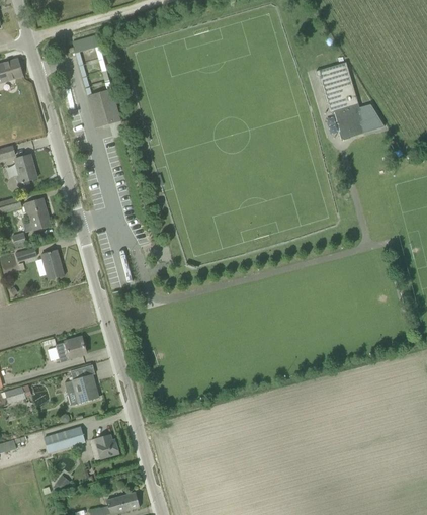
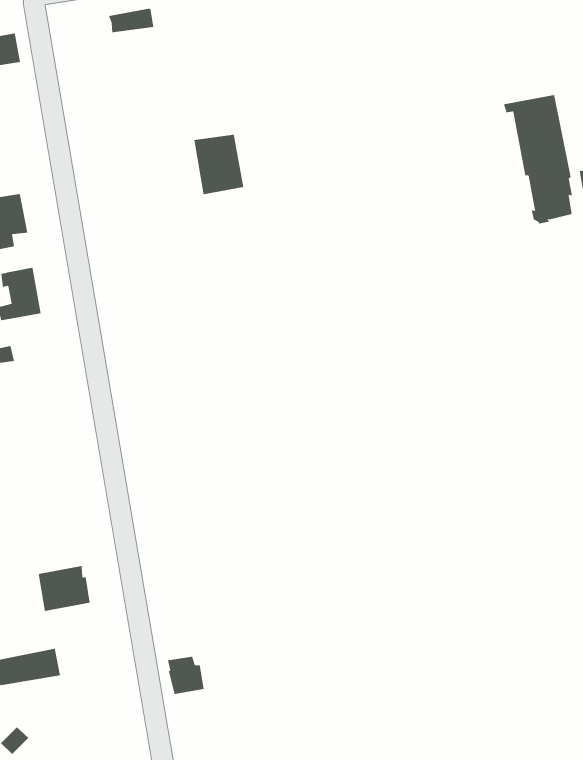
building: [87,88,120,126] -> [193,134,244,195]
building: [40,249,65,279] -> none
building: [55,337,86,361] -> none
building: [95,433,119,457] -> [167,656,205,694]

